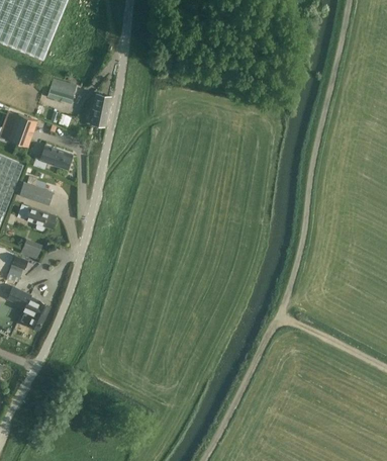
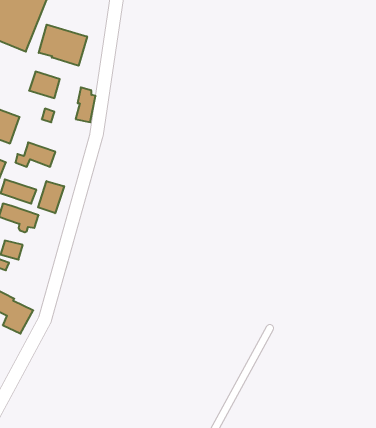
building: none -> [39,25,87,66]
building: none -> [38,181,64,213]

